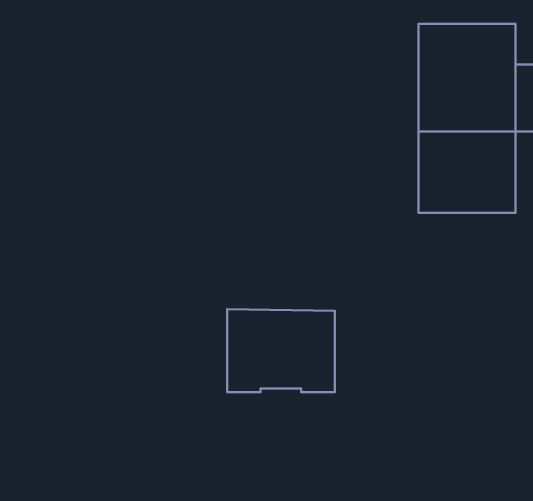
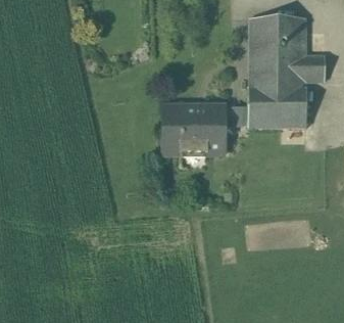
building: [227,309,335,392] -> [164,104,227,152]

